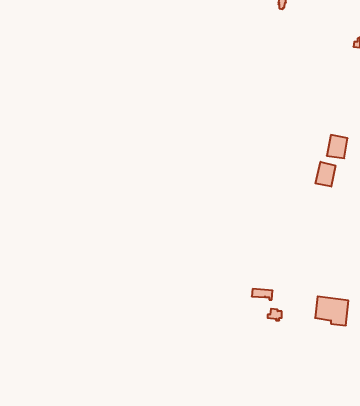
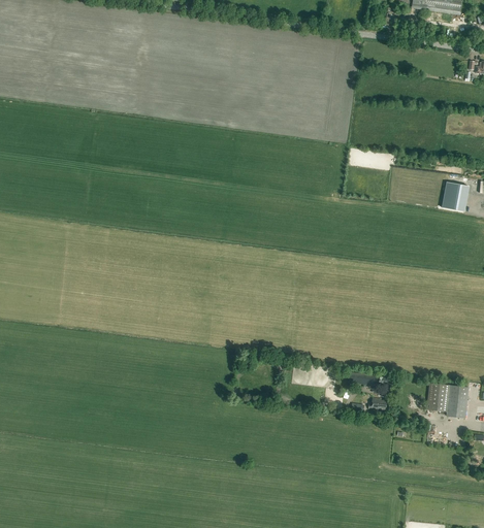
building: [315,162,335,187] -> none

